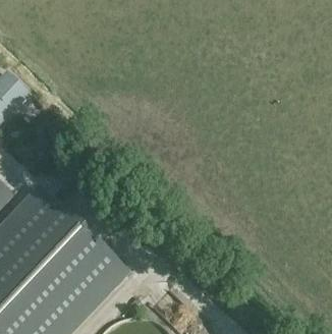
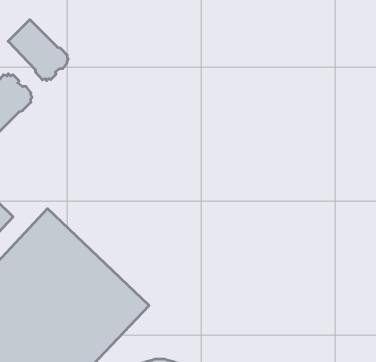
building: none -> [8,20,68,81]

